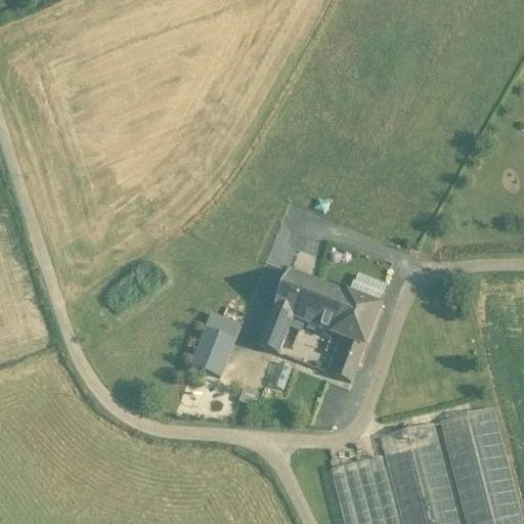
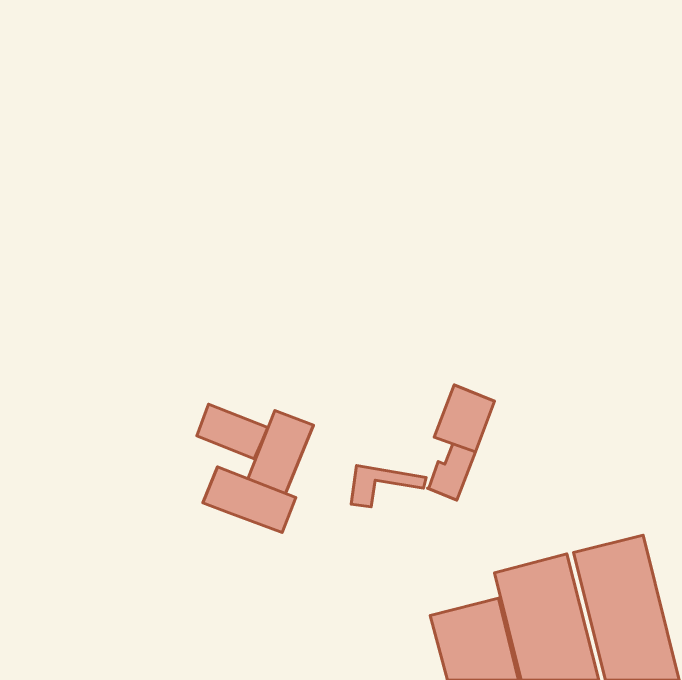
building: [258,271,347,354] -> none
building: none -> [197,404,268,459]
building: none -> [203,467,296,533]

